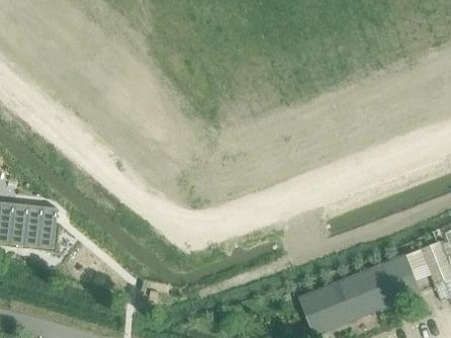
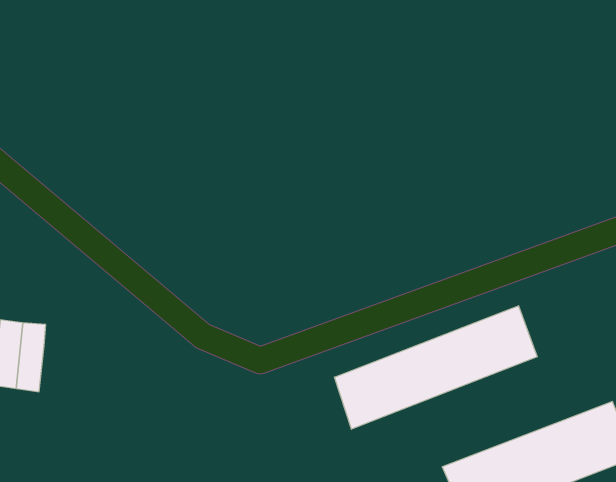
building: none -> [334,306,537,429]

